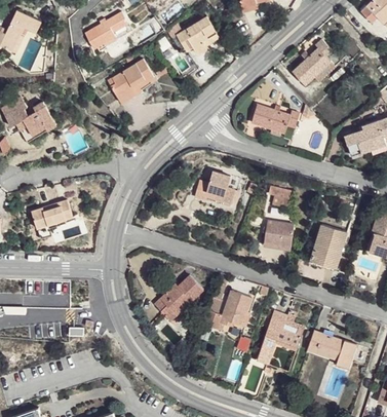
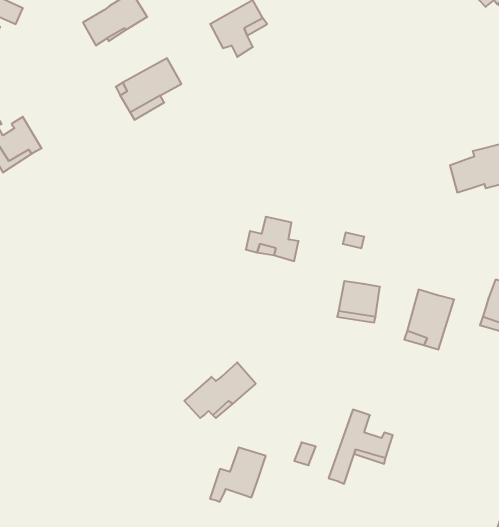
building: [291,37,334,83] -> none
building: [251,104,299,140] -> none
building: [28,196,70,236] -> none
building: [211,292,251,331] -> [210,447,266,502]
building: [309,332,358,371] -> none

